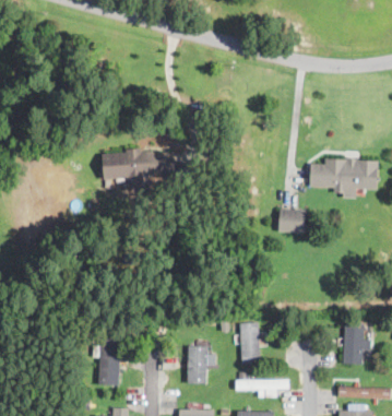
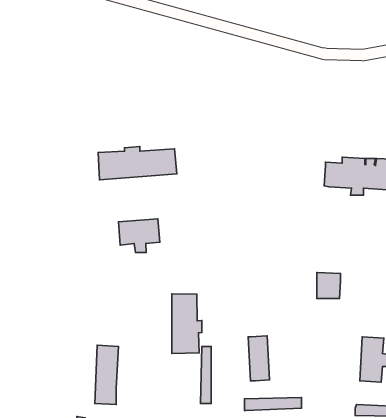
building: [280,209,301,233] -> [317,272,341,299]
building: none -> [118,219,160,253]
building: none -> [172,294,202,354]

